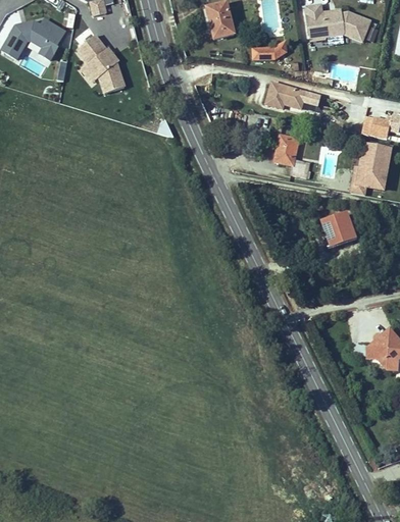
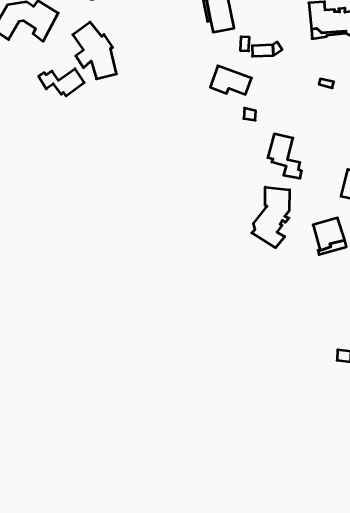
building: [266,82,306,108] -> [210,66,252,94]
building: none -> [39,69,84,96]
building: none -> [252,187,290,248]

